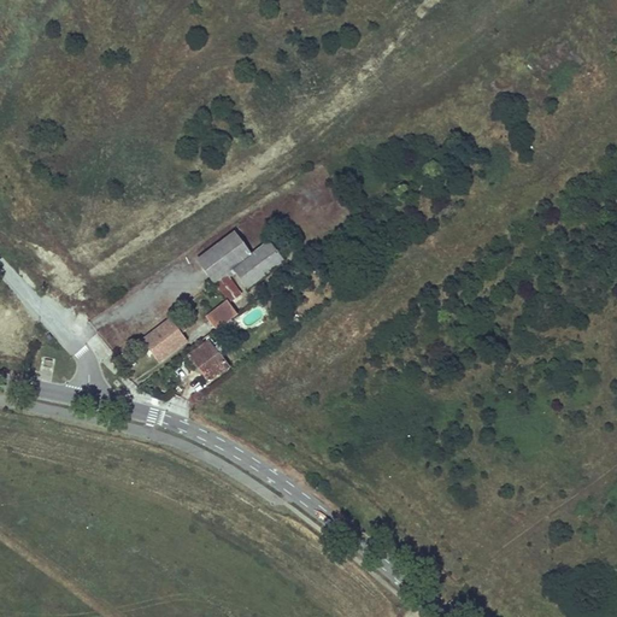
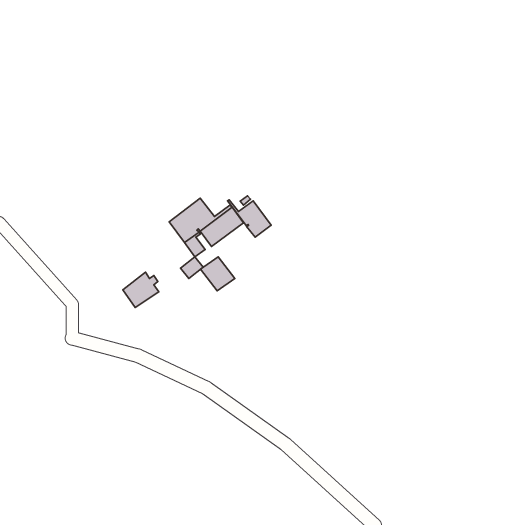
building: none -> [227,200,271,237]
building: [188,340,228,380] -> [201,257,235,291]

